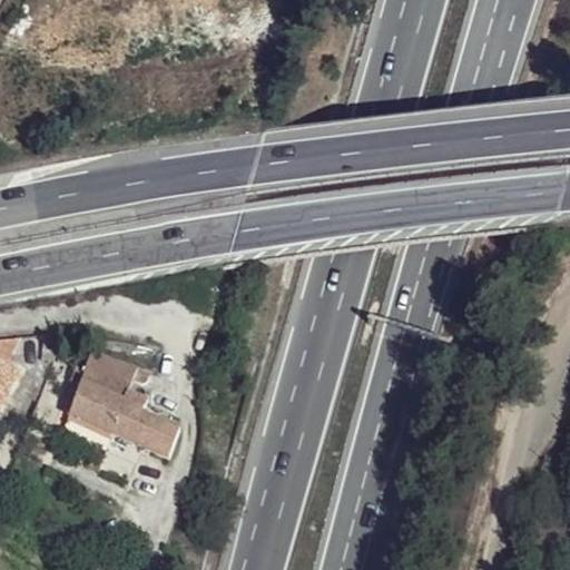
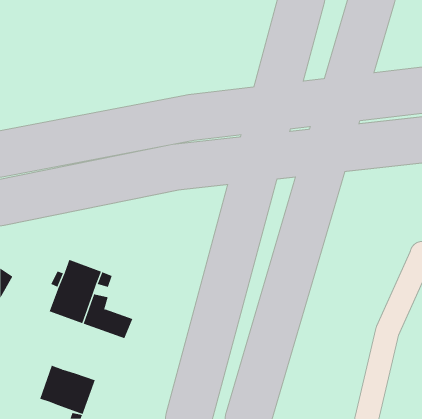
building: none -> [39,365,95,415]

